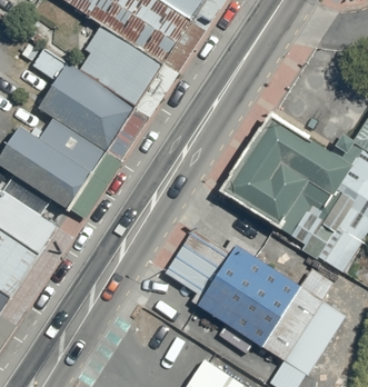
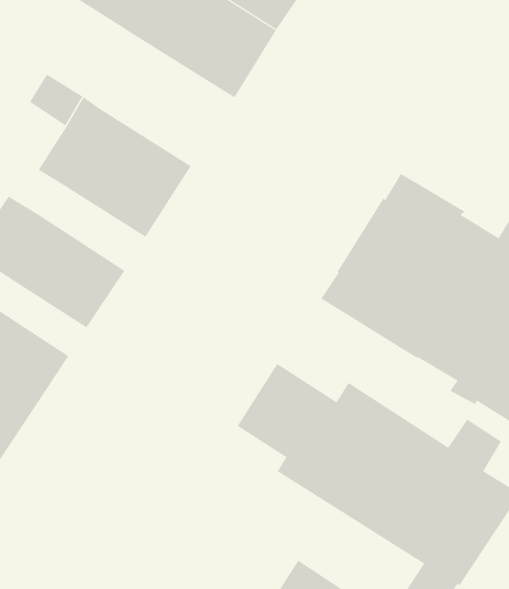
building: [78,24,163,107] -> none
building: [39,118,107,173] -> none

